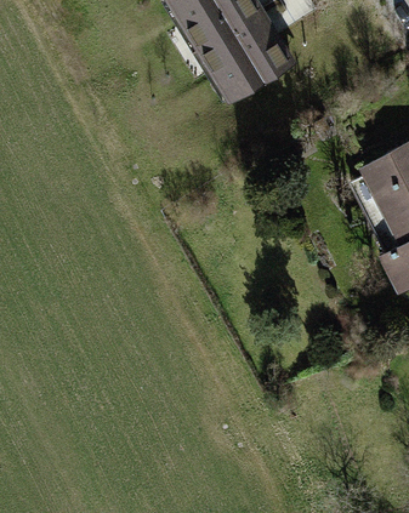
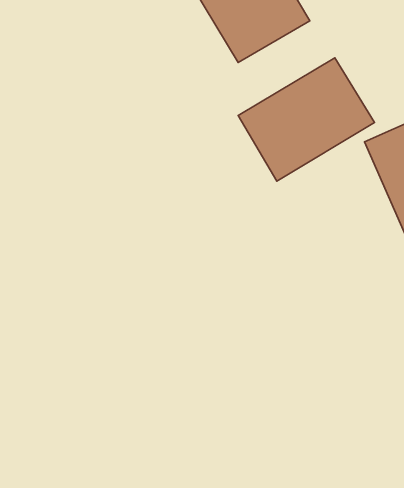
building: none -> [238,58,374,181]

